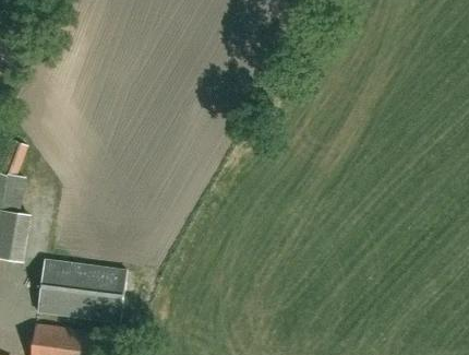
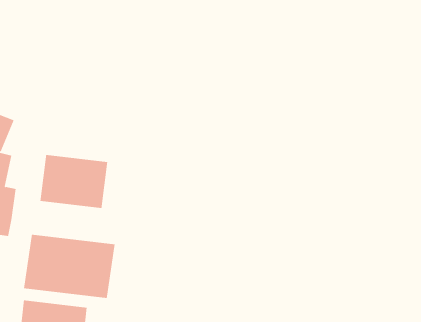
building: none -> [40,154,108,209]

